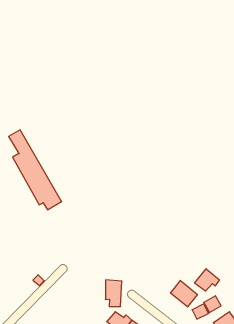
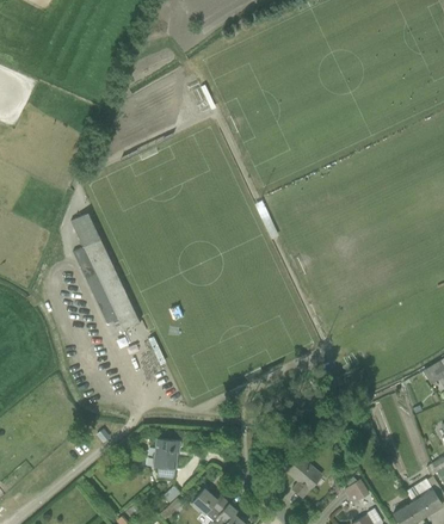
building: [195,269,219,291] -> none
building: [105,280,122,307] -> [153,439,179,480]

